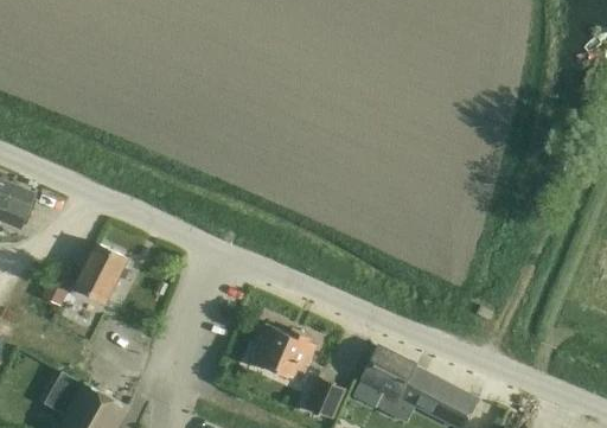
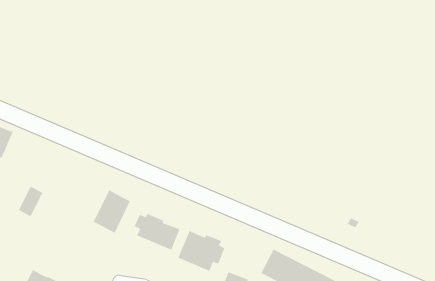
building: [75,244,124,302] -> [93,190,131,234]
building: none -> [134,213,180,250]

